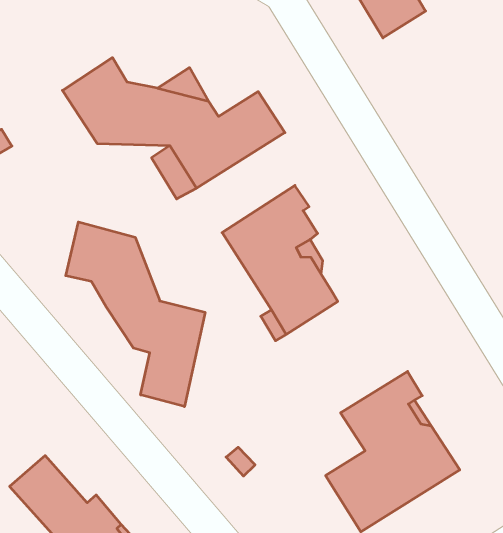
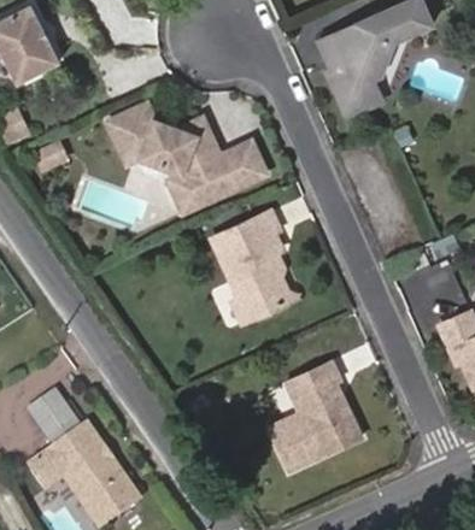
building: [66,222,205,407] -> none

